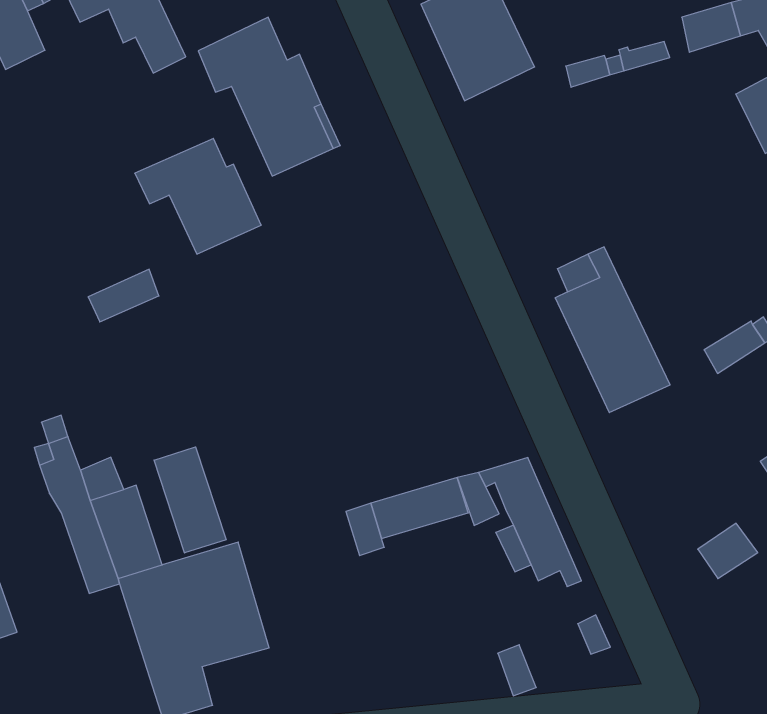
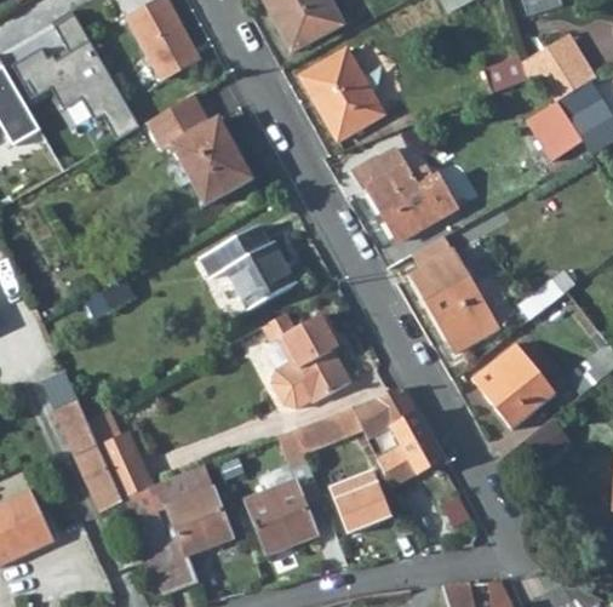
building: none -> [353,148,456,241]
building: [135,138,261,254] -> [205,225,297,308]
building: none -> [263,314,350,407]
building: none -> [472,344,555,428]
building: [154,447,226,553] -> none
building: none -> [331,471,390,532]
building: none -> [246,481,316,554]

